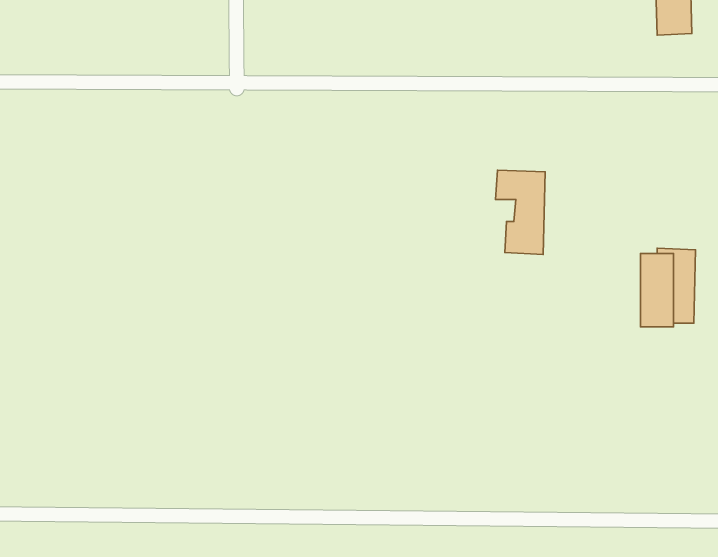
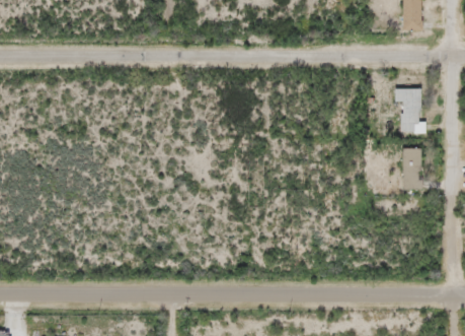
building: [496,170,545,254] -> [394,85,421,132]

